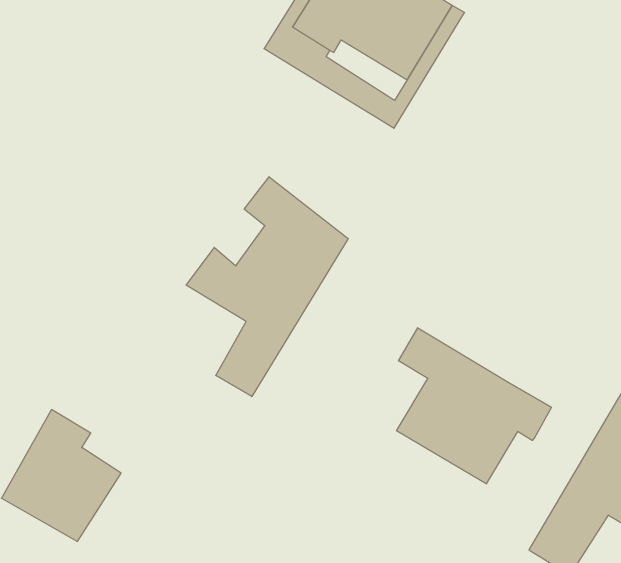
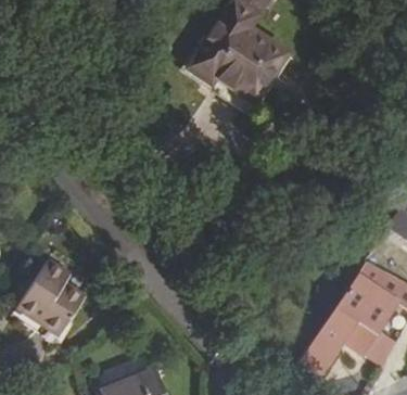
building: [186,177,348,397] -> none
building: [397,328,551,484] -> none

